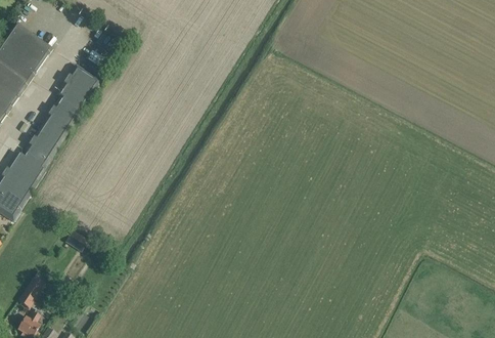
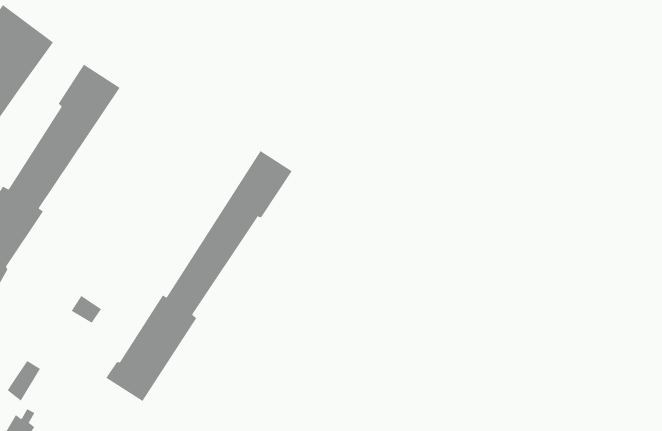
building: none -> [105,150,292,402]

